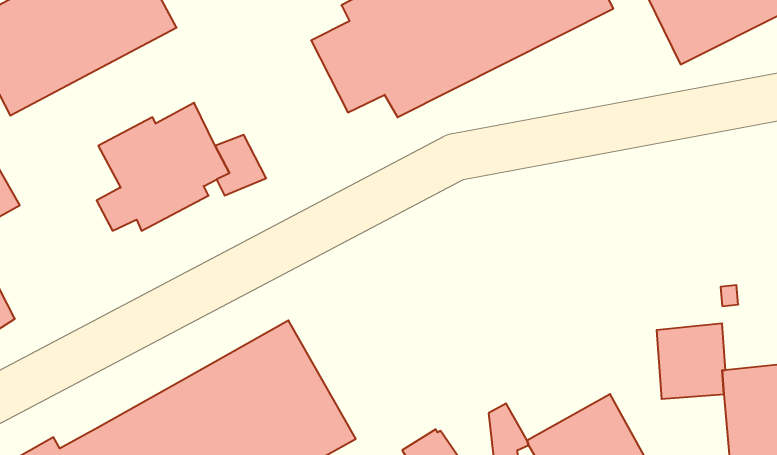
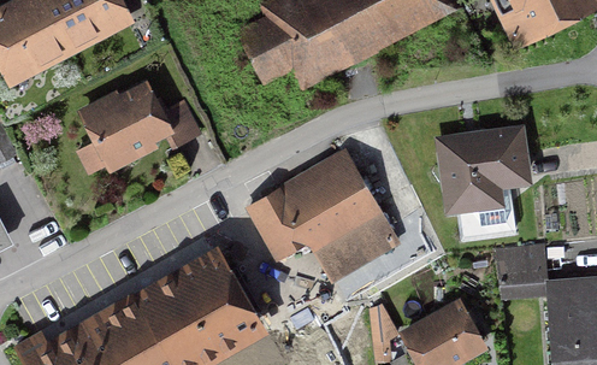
building: none -> [435,124,533,246]
building: none -> [244,148,402,300]

